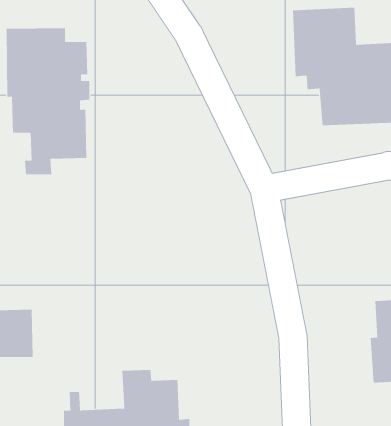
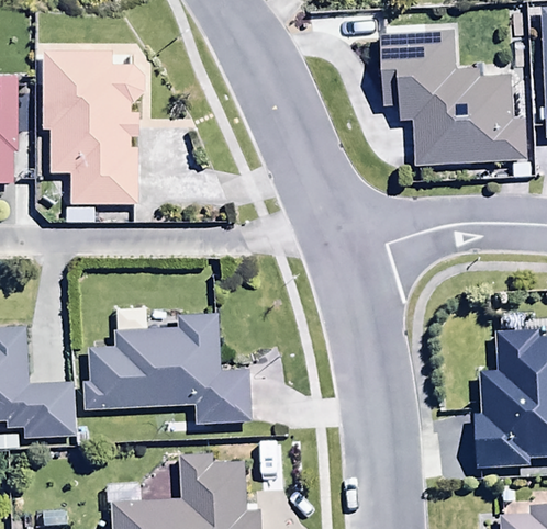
building: none -> [82,313,252,426]

